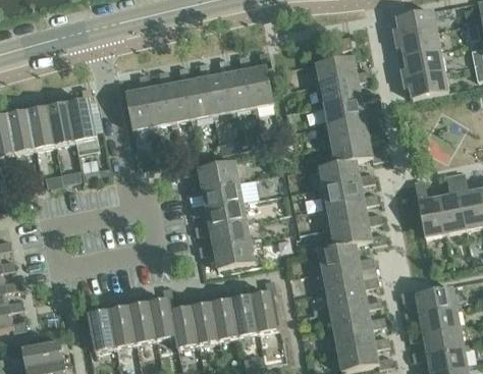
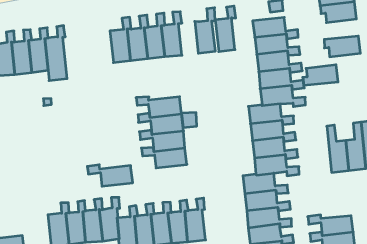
building: [400,50,443,77] -> [303,65,338,85]
building: [226,54,253,110] -> [215,6,236,52]
building: [124,72,152,128] -> none
building: [198,241,254,268] -> [87,165,133,186]

